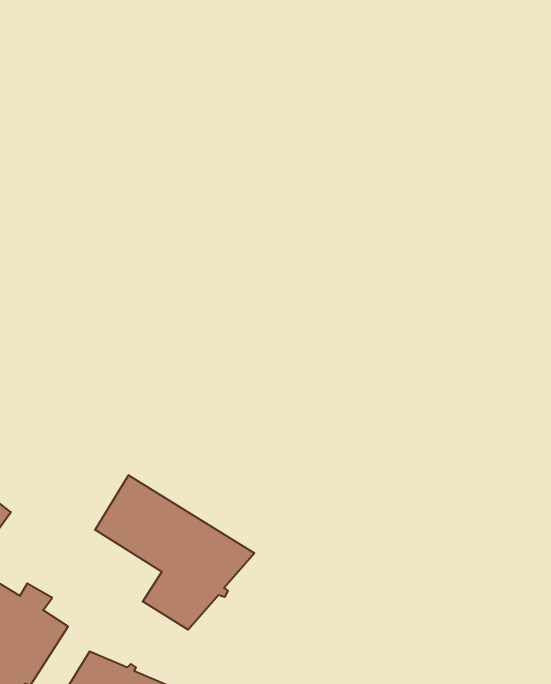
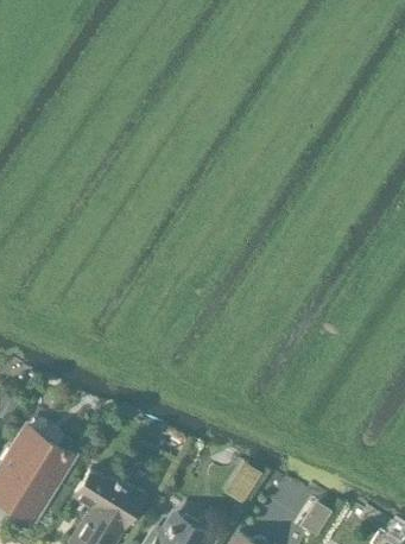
building: [95,475,254,630] -> none

